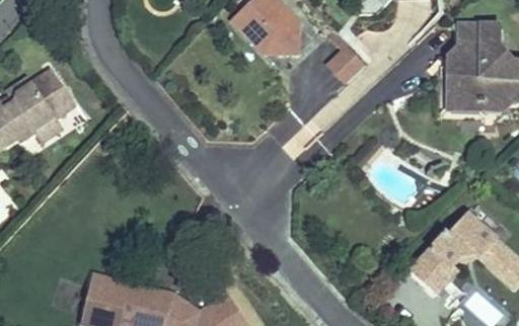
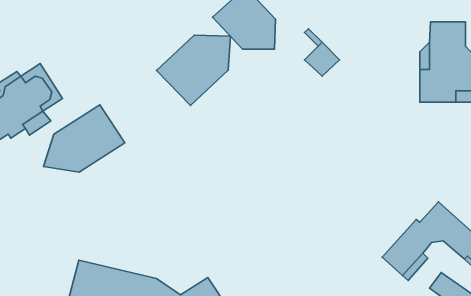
building: none -> [157,35,230,105]
building: none -> [43,105,125,172]

